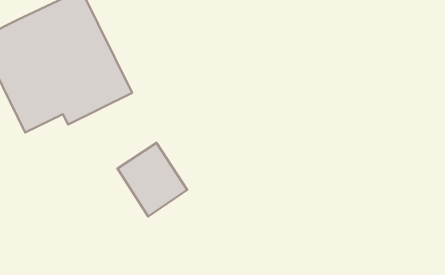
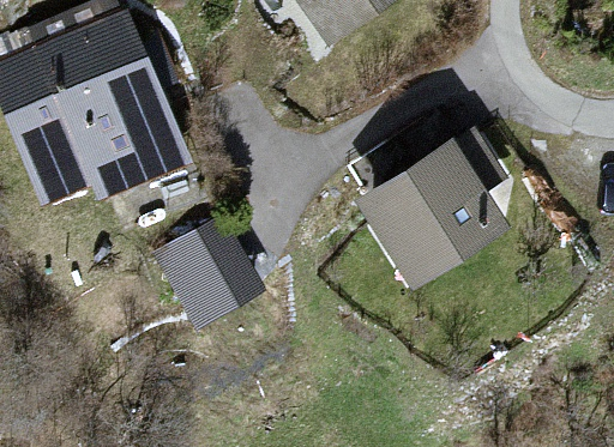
building: none -> [353,134,499,276]

